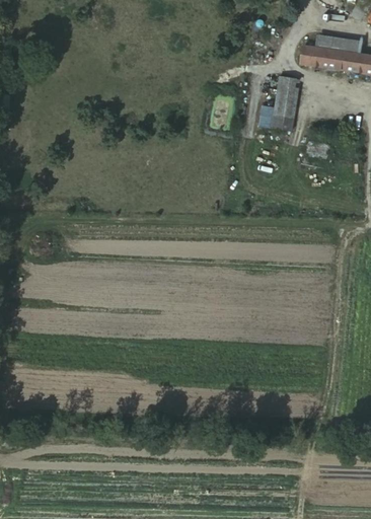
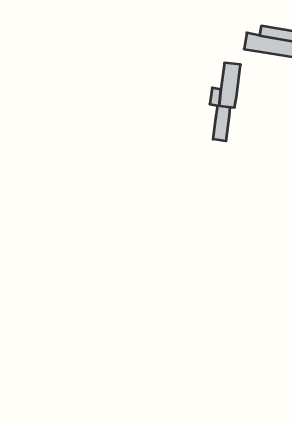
building: none -> [213,106,230,141]

